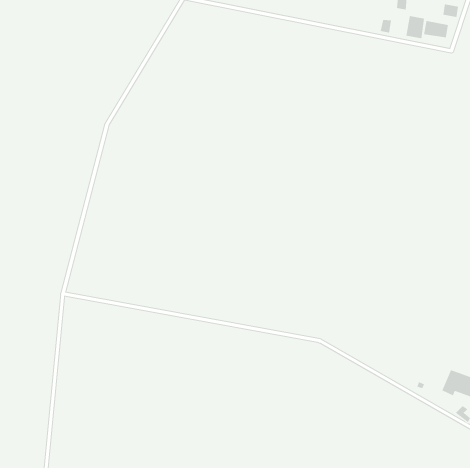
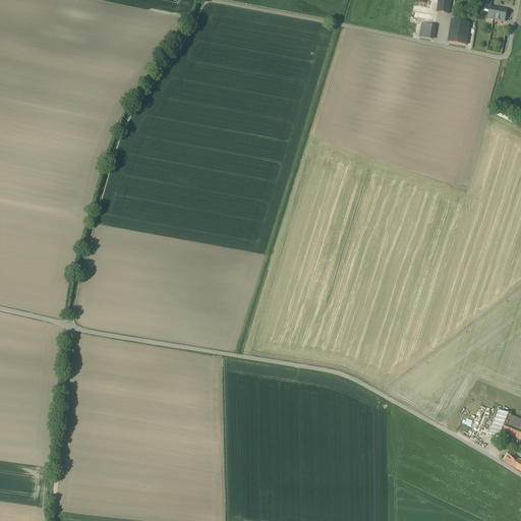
building: [424,20,448,38] -> none

